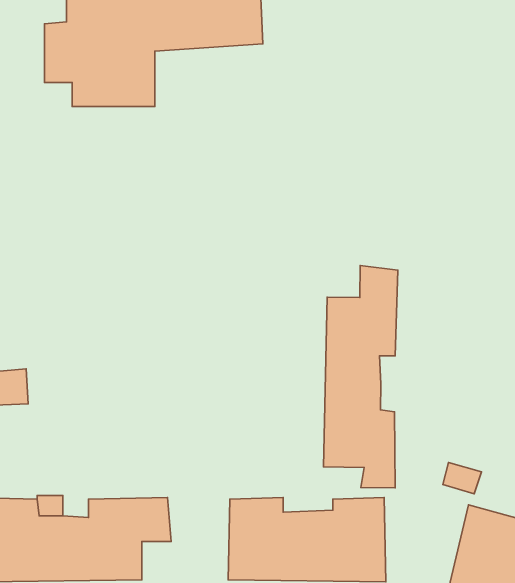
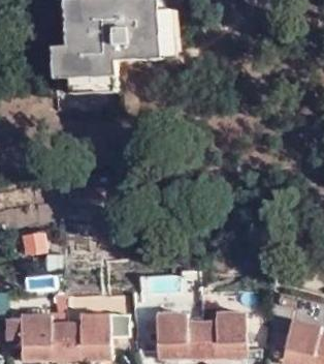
building: [324,266,398,488] -> none

